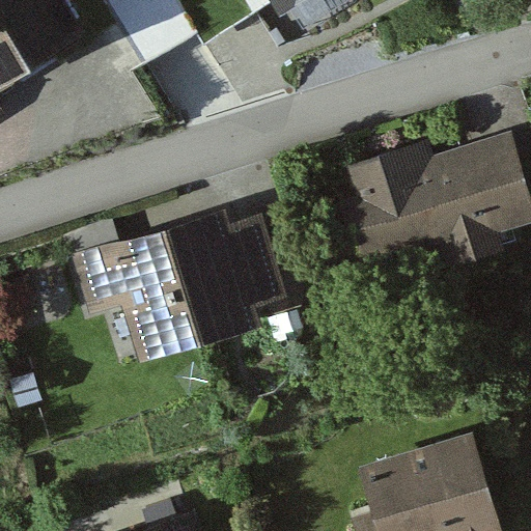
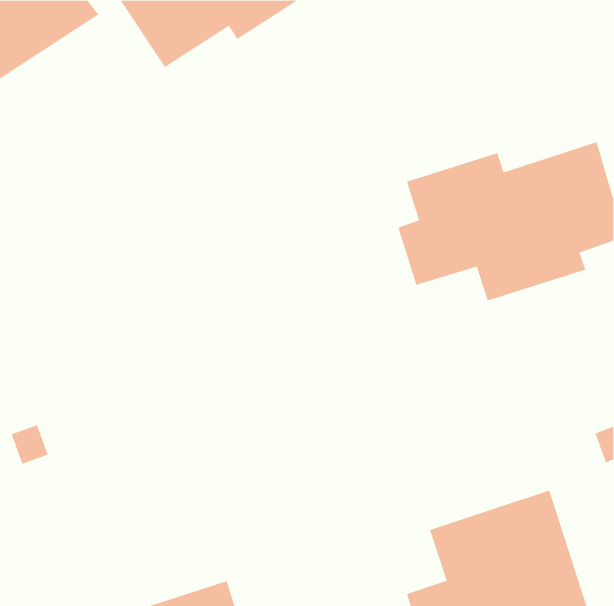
building: [66,213,282,356] -> none

